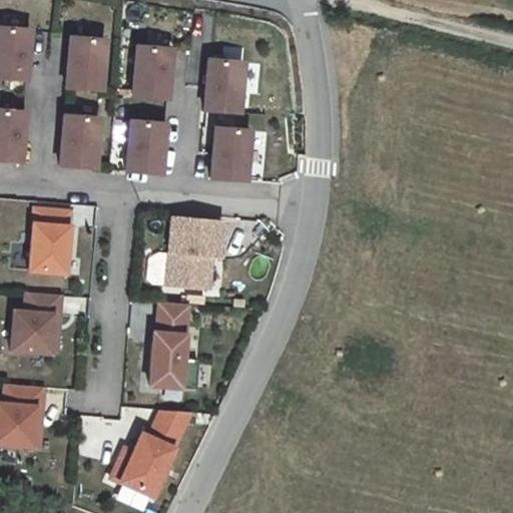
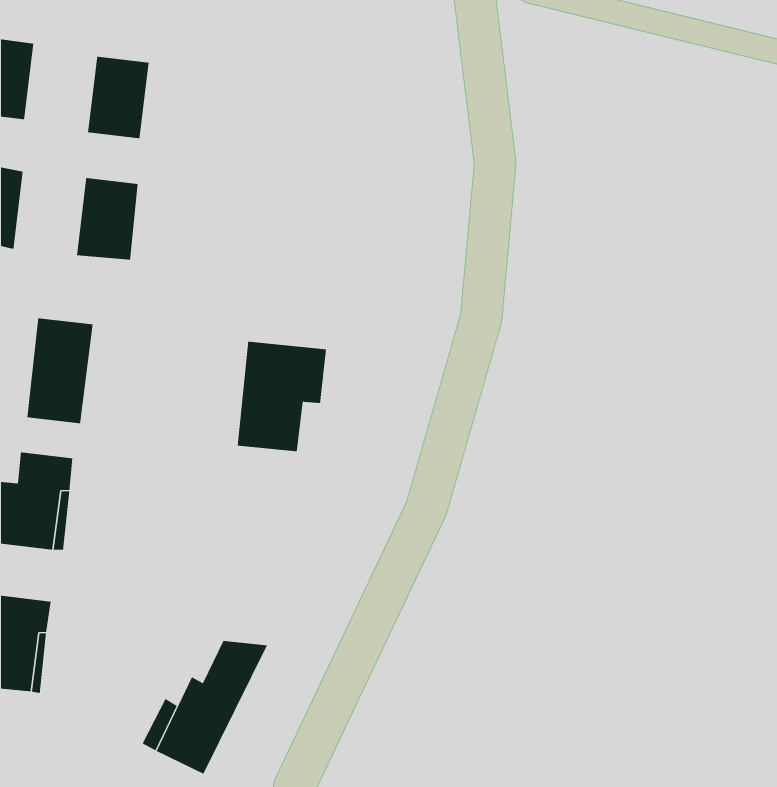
building: [137,47,175,100] -> none
building: [208,62,247,115] -> none
building: [128,121,168,175] -> none
building: [214,130,252,184] -> none
building: [147,303,195,389] -> none

